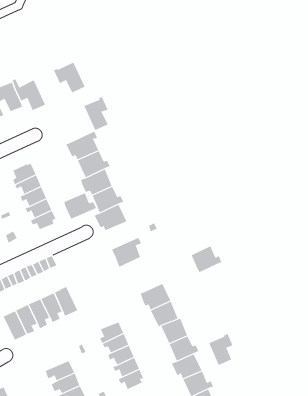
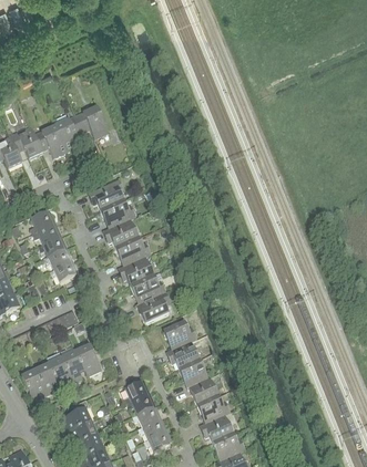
building: [83,96,108,131] -> [54,115,81,152]
building: [64,192,97,220] -> [130,276,165,304]
building: [191,246,222,273] -> [163,321,196,350]
building: [208,333,233,366] -> none
building: none -> [59,401,91,434]

